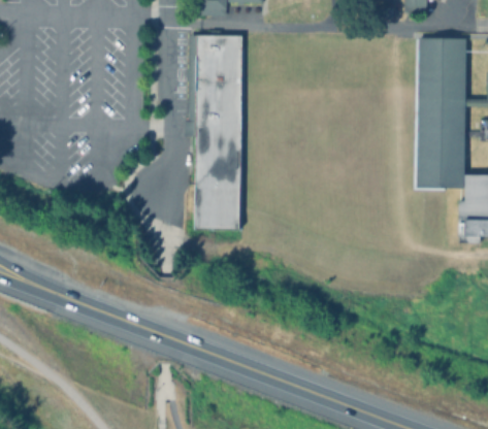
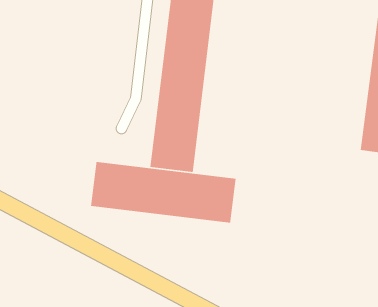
building: none -> [91,161,236,223]

